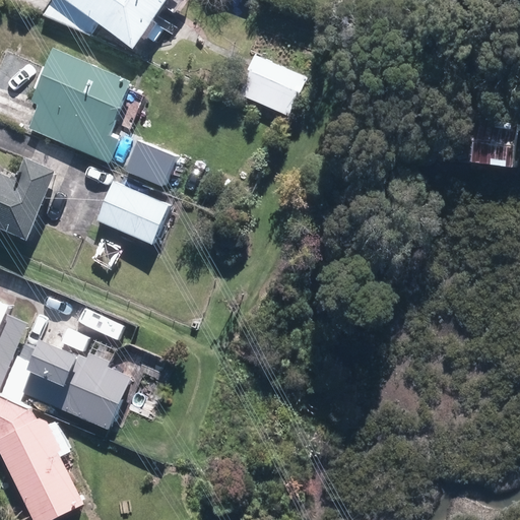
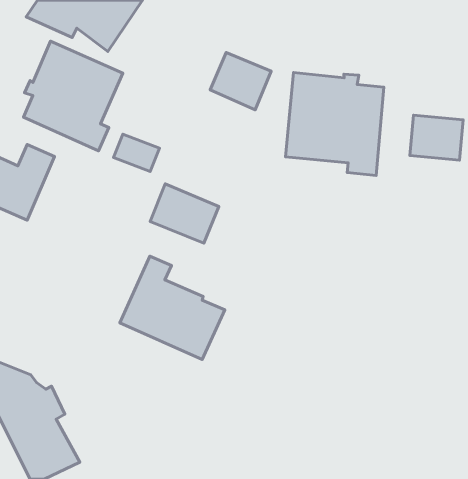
building: none -> [285,73,384,175]
building: [94,179,169,243] -> [150,184,219,243]
building: [18,317,132,429] -> [120,256,225,359]

